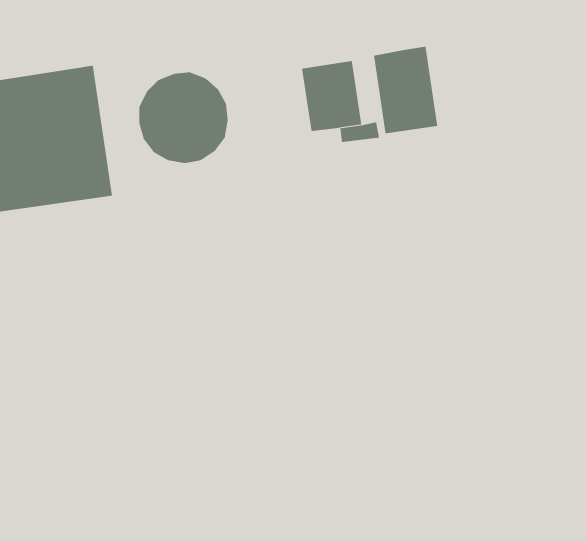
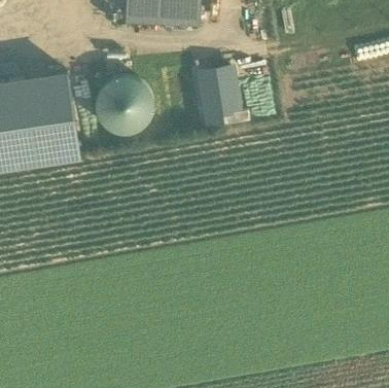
building: [374,46,438,134] -> none

